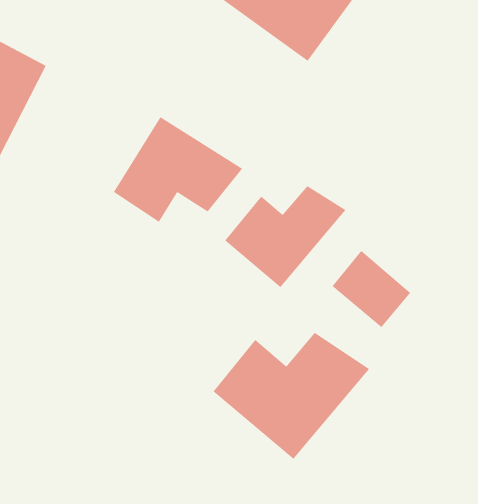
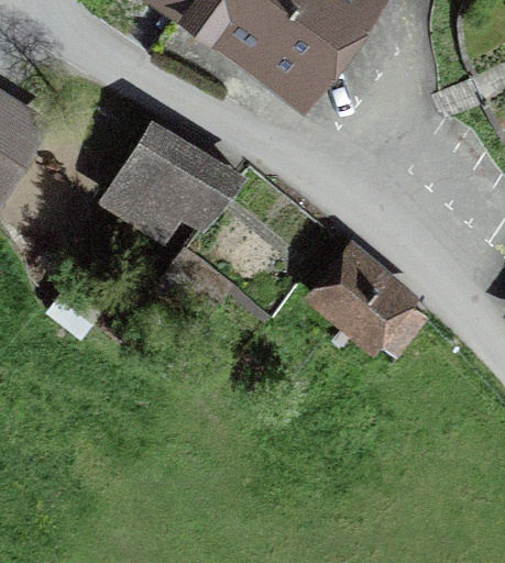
building: [224,185,347,288] -> none
building: [212,332,370,460] -> none

